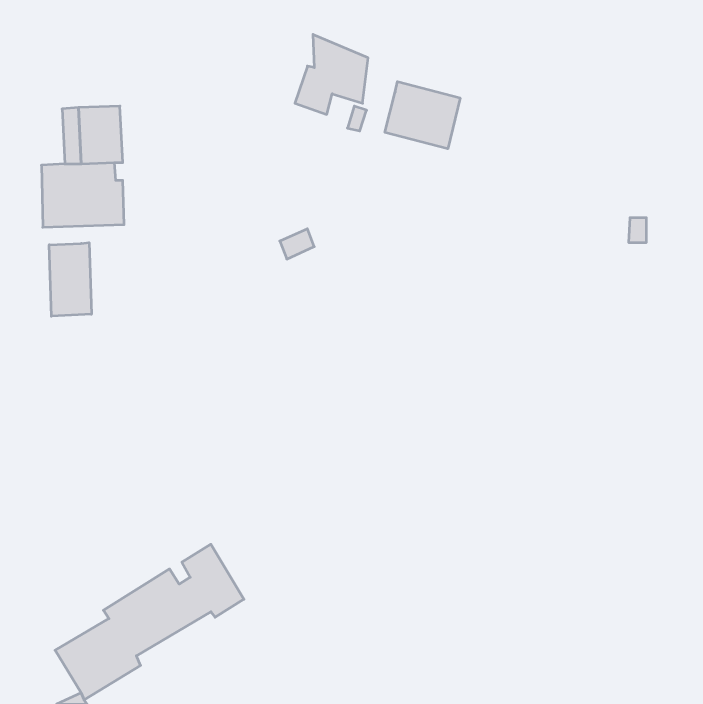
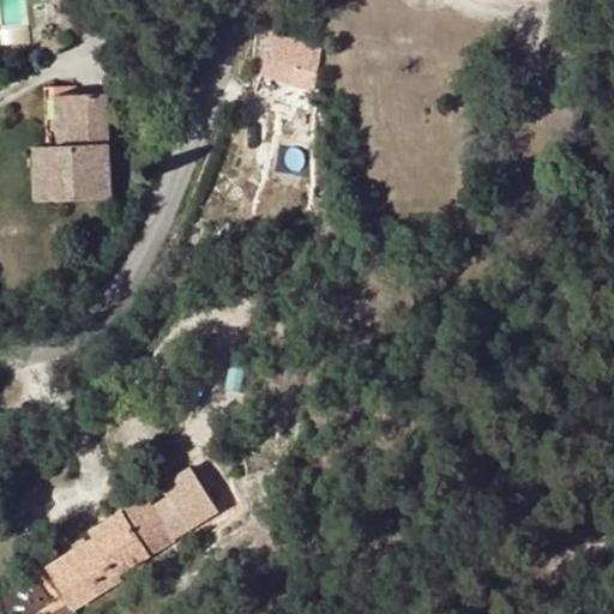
building: [385,82,460,149] -> none
building: [49,243,91,316] -> none

